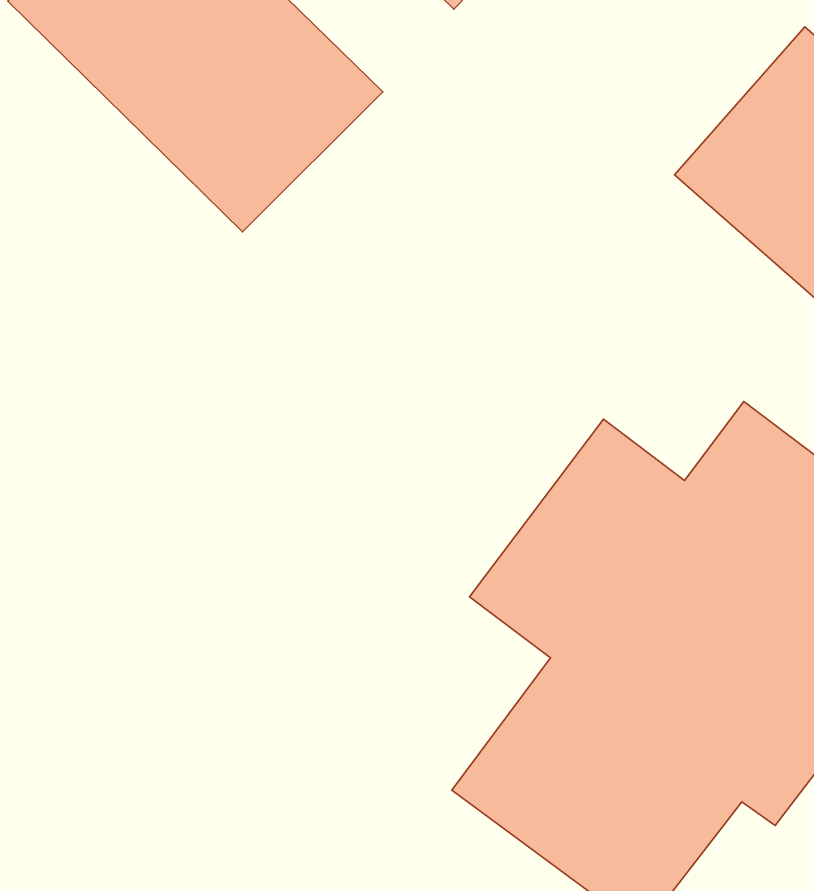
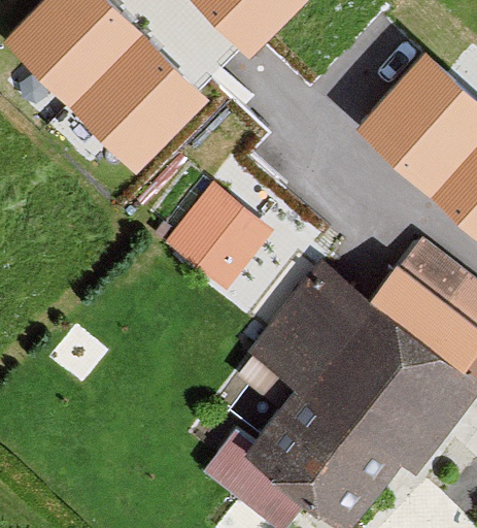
building: none -> [172,166,282,277]

